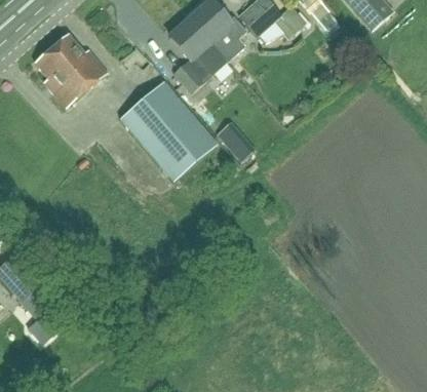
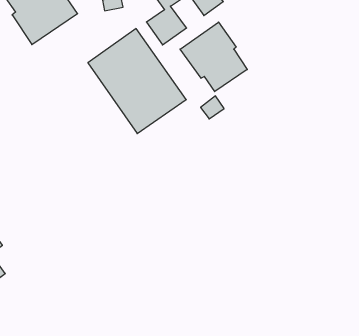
building: none -> [180,22,247,92]

